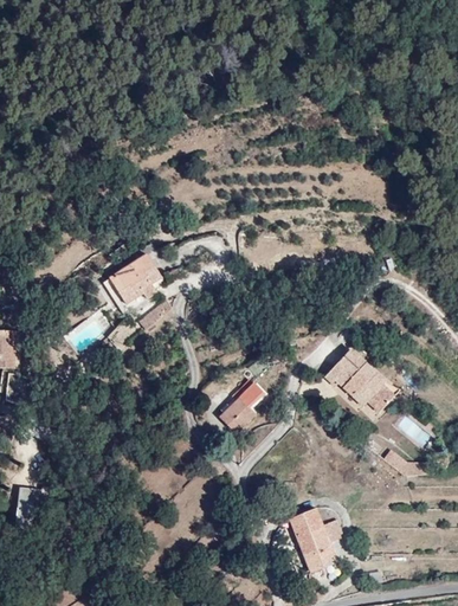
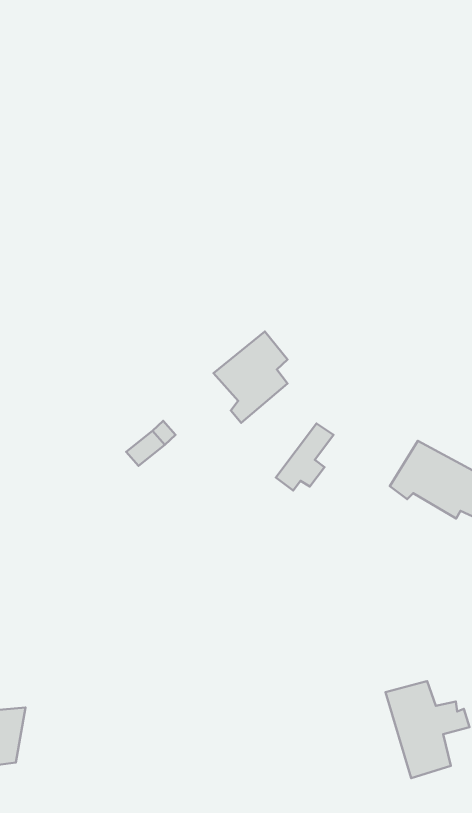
building: [109,257,161,317] -> [214,331,288,423]
building: [220,381,264,425] -> [276,423,334,491]

